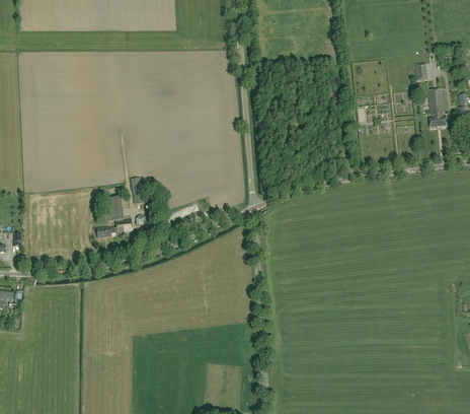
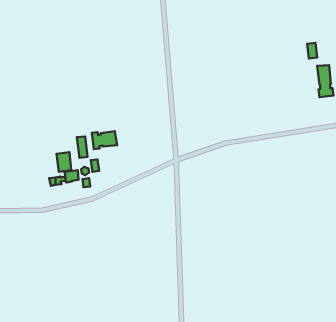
building: none -> [92,131,117,149]

